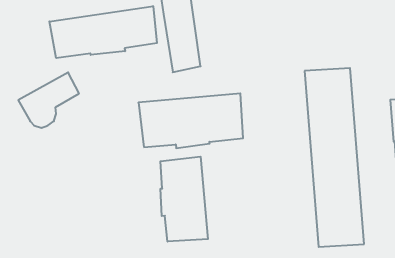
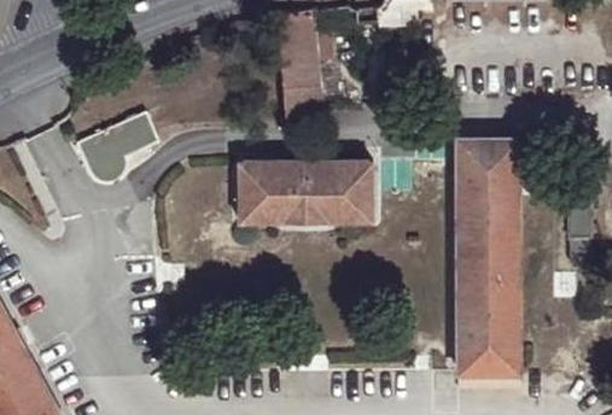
building: [49,6,157,58] -> none
building: [160,157,208,242] -> none

